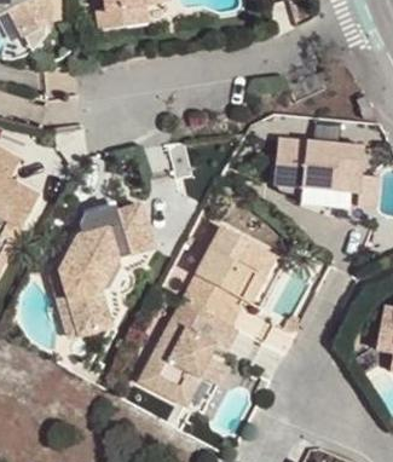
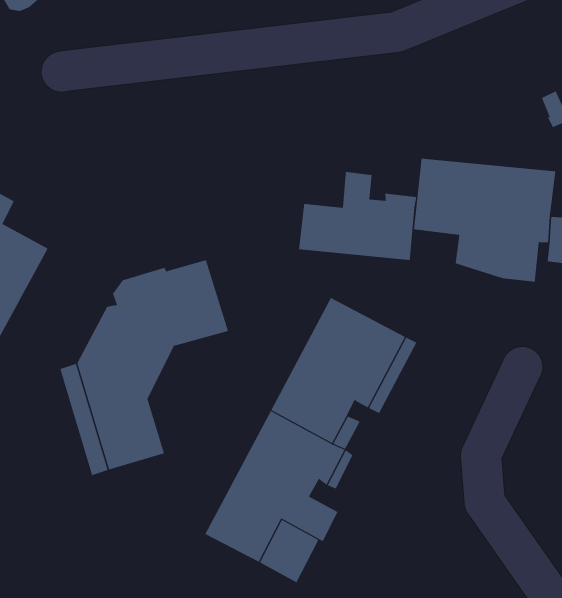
building: none -> [299,171,417,261]

